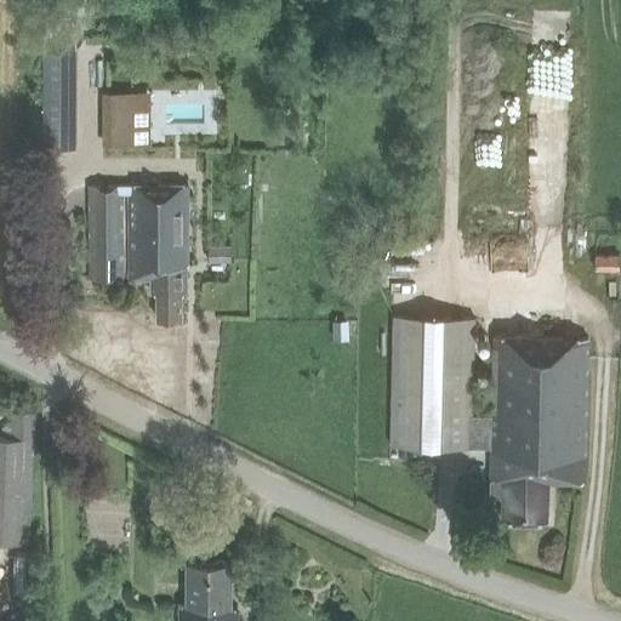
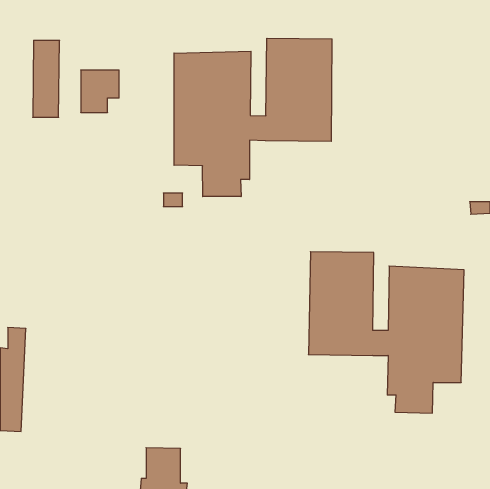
building: none -> [174,38,332,197]
building: [87,189,189,324] -> none

